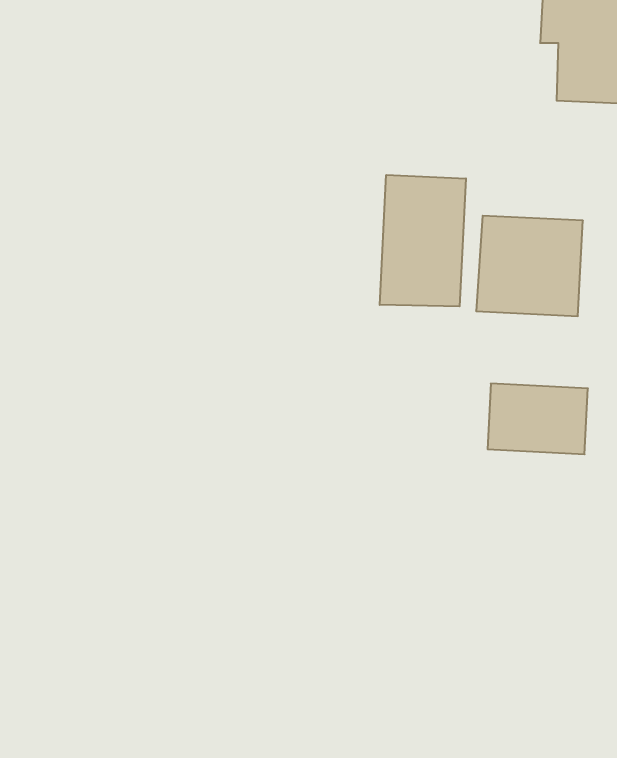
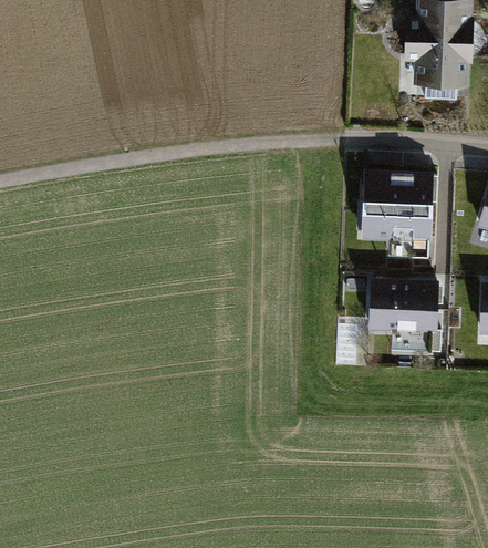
building: [380,175,466,306] -> none

